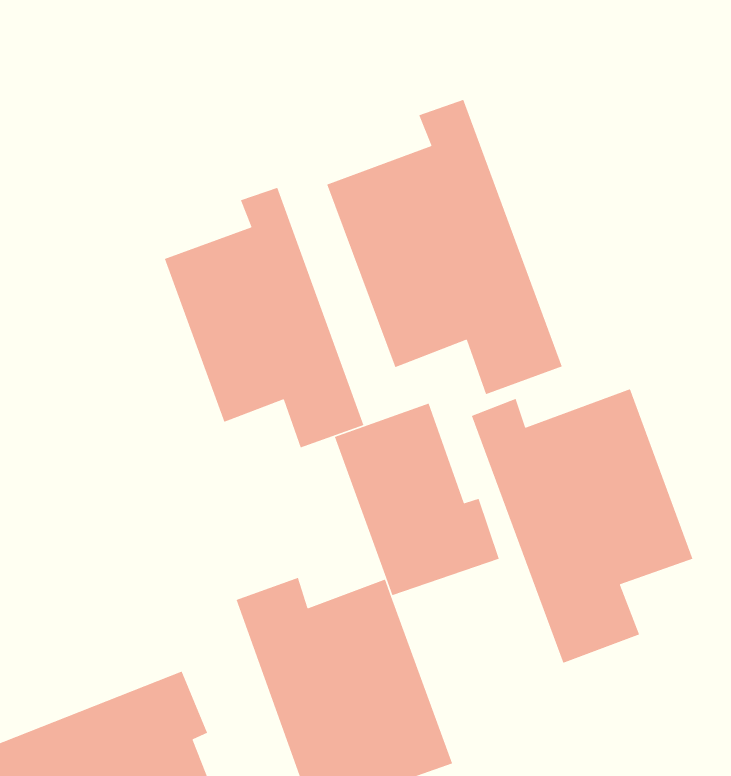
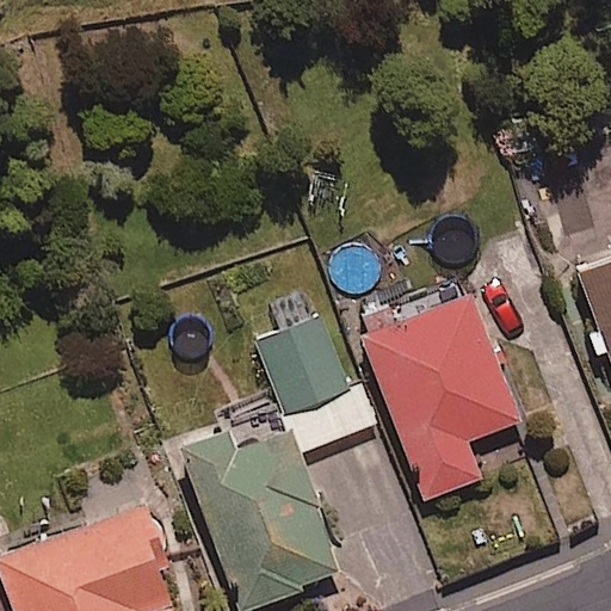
building: [326,99,563,395] -> none
building: [164,187,364,449] -> none

